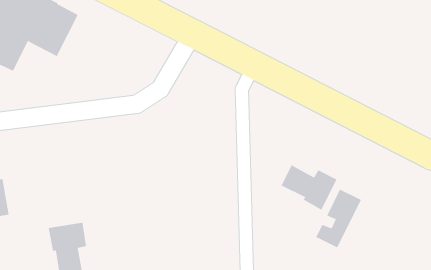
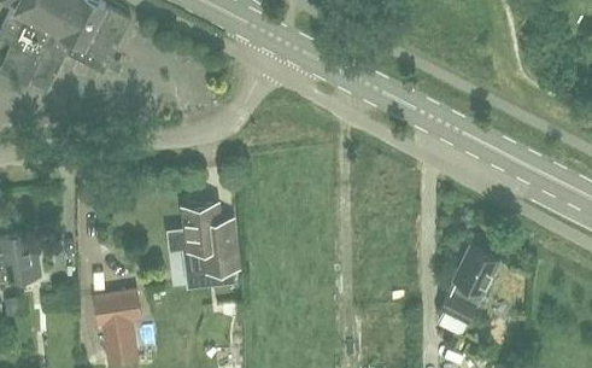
building: none -> [168,204,239,274]
building: [281,164,337,210] -> none

